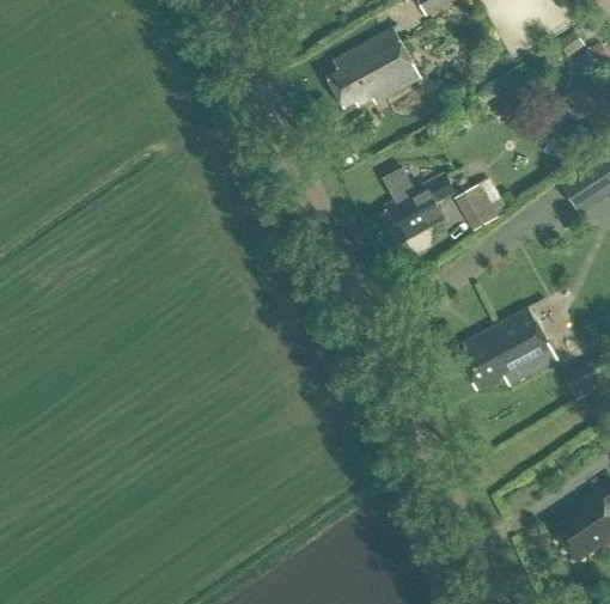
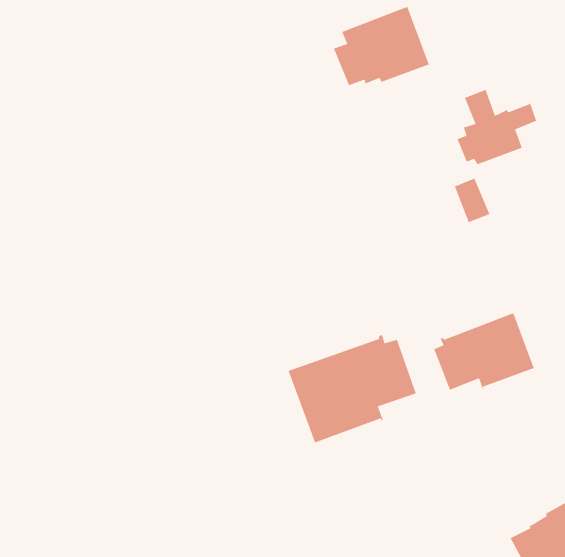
building: [382,166,457,240] -> [456,89,537,165]
building: none -> [287,334,417,444]

